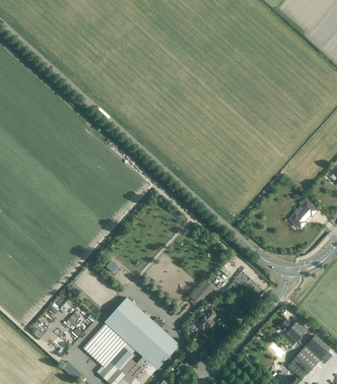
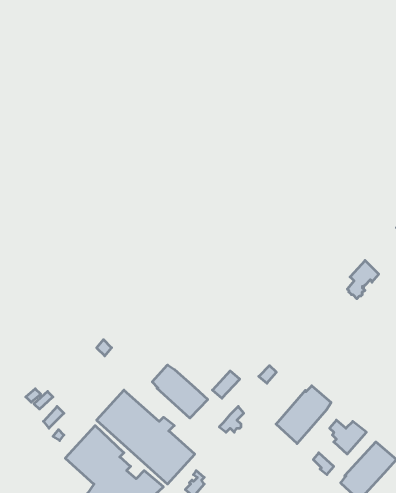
building: none -> [152,365,208,418]
building: none -> [276,386,331,444]

